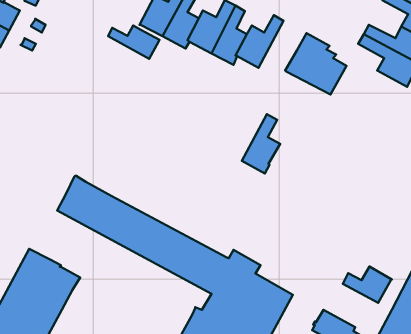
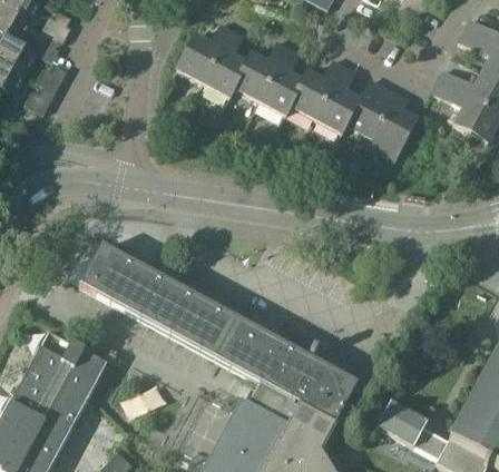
building: [108,26,160,59] -> none
building: [242,114,280,173] -> [315,65,360,134]
building: [343,267,392,303] -> none

